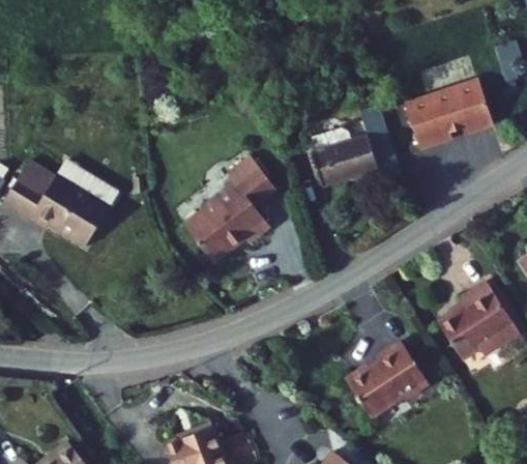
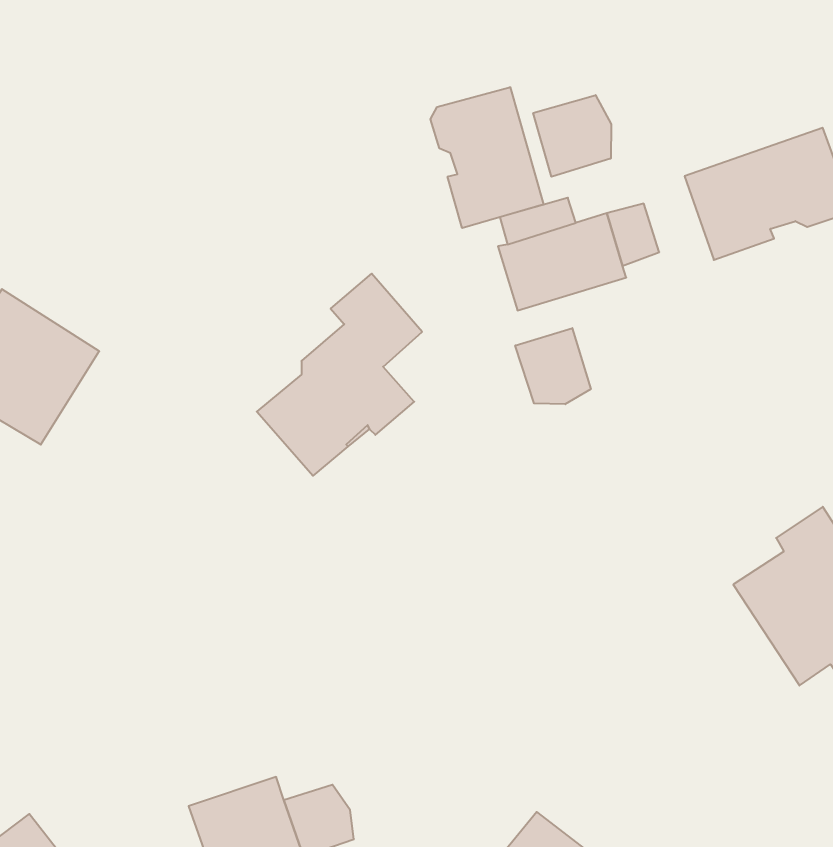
building: none -> [431,87,544,228]
building: none -> [533,95,611,177]
building: none -> [515,328,591,404]
building: [354,338,438,414] -> none

